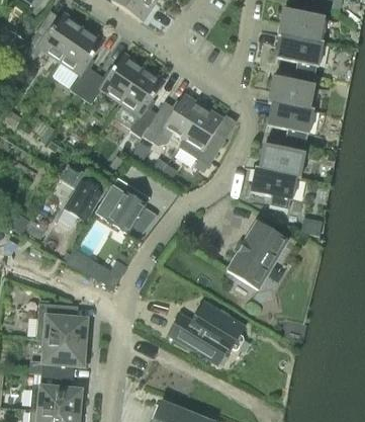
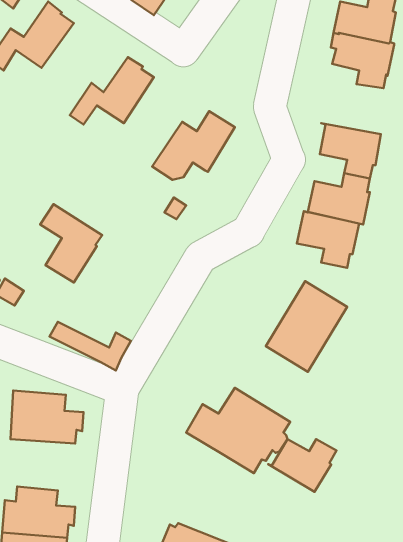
building: [60,27,105,96] -> none
building: [121,68,166,137] -> none
building: [269,73,315,110] -> none
building: [178,105,225,166] -> none
building: [95,184,145,233] -> none
building: none -> [268,439,337,492]
building: [36,339,88,377] -> none

